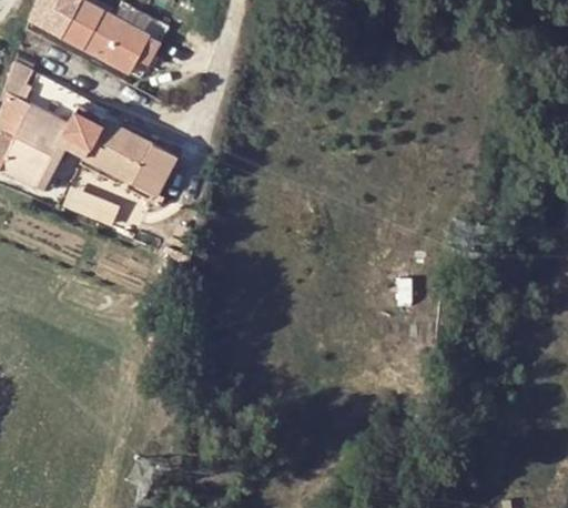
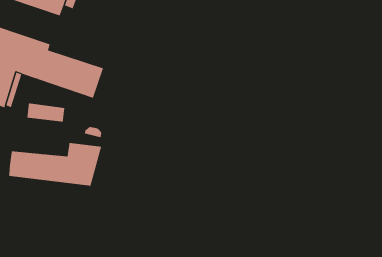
building: none -> [9,142,102,186]

